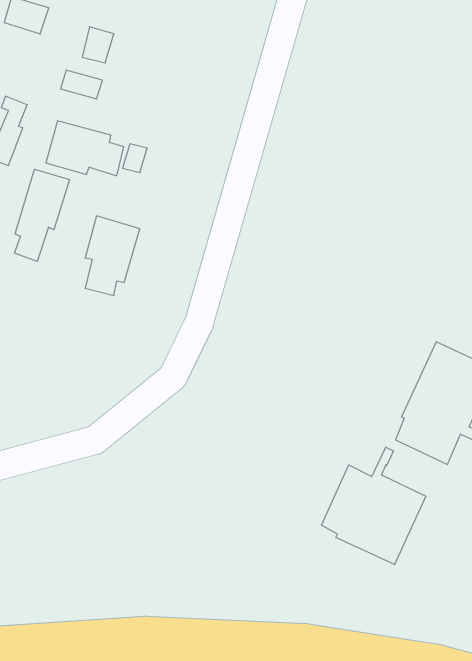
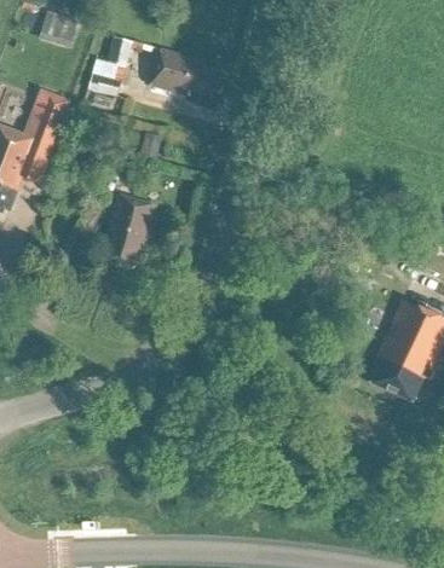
building: [46,121,124,176] -> [152,50,218,95]
building: [15,169,70,261] -> none
building: [321,447,426,565] -> none

